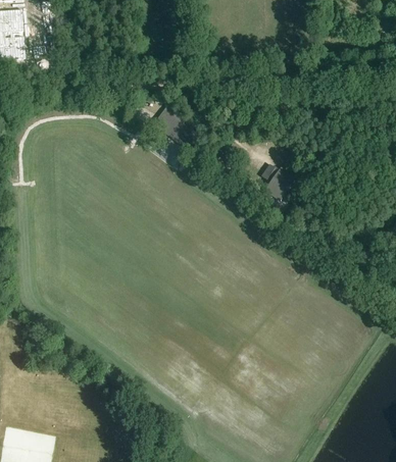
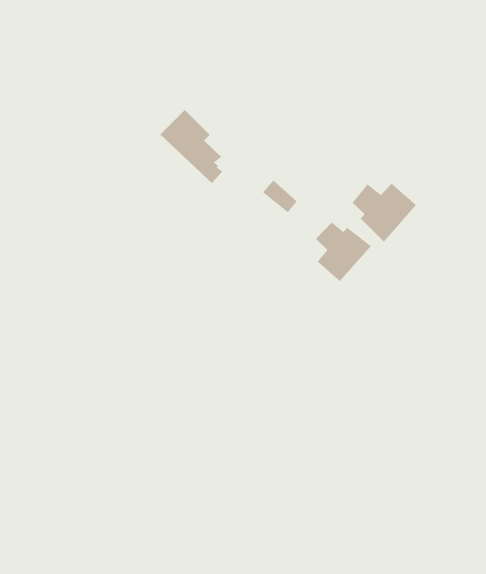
building: none -> [352,183,417,243]

